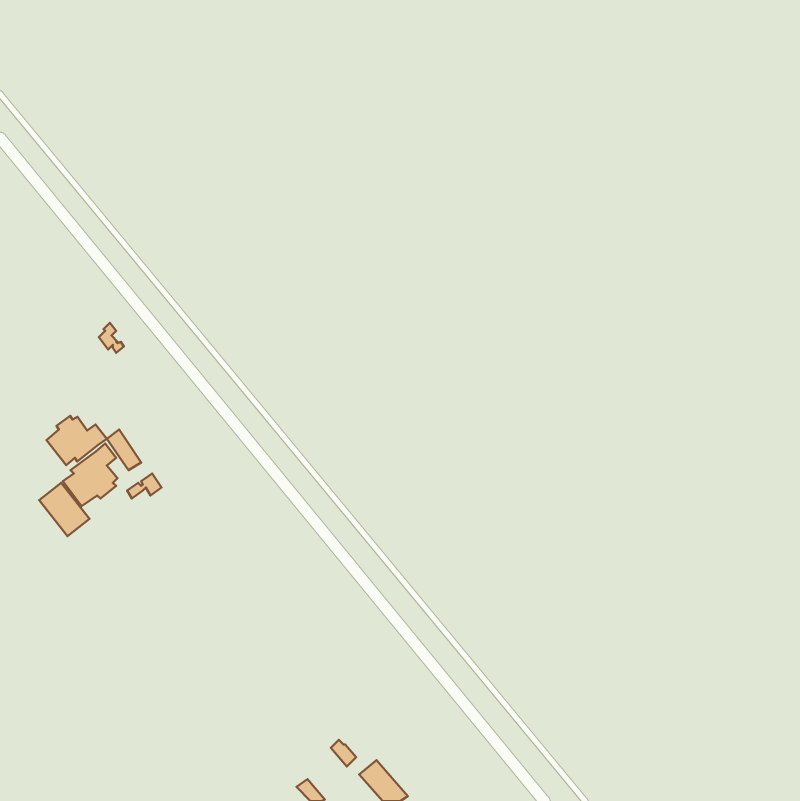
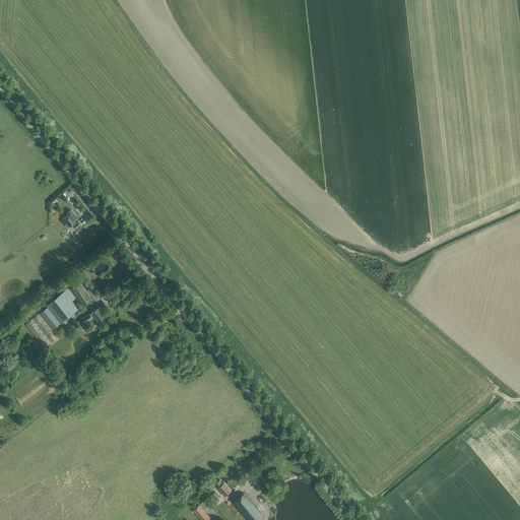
building: [47,416,107,465] -> none

